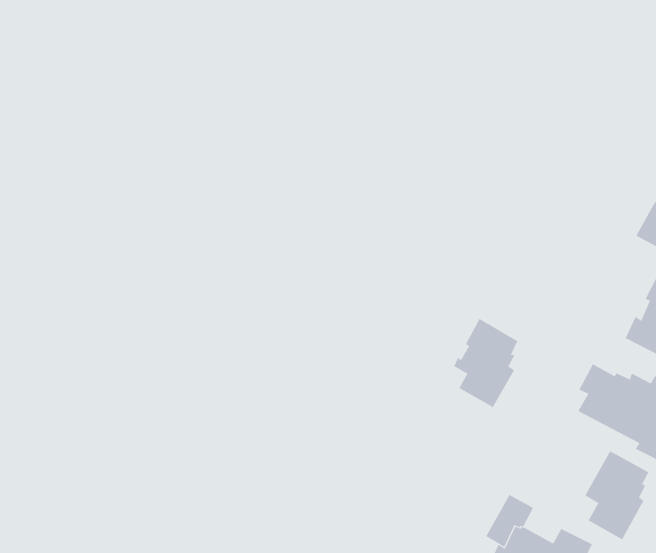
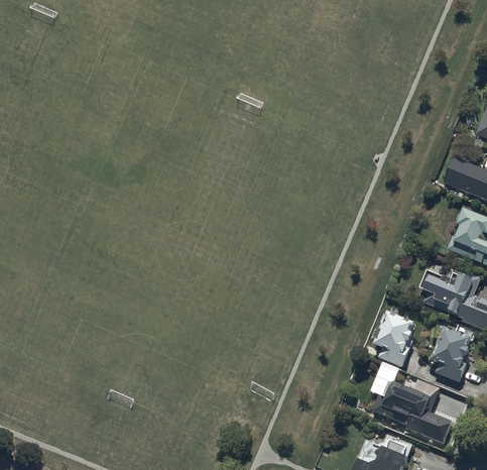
building: [454,318,518,408] -> [373,310,413,367]

